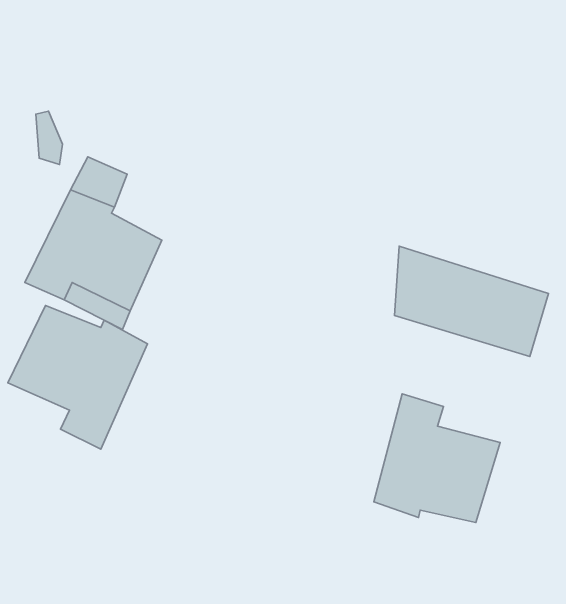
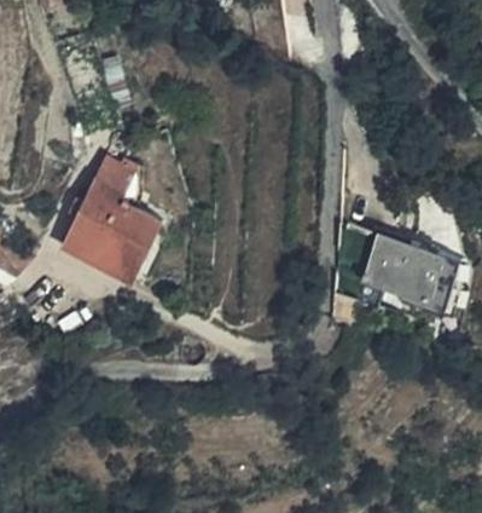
building: [8,305,148,449] -> none
building: [374,394,500,523] -> none

